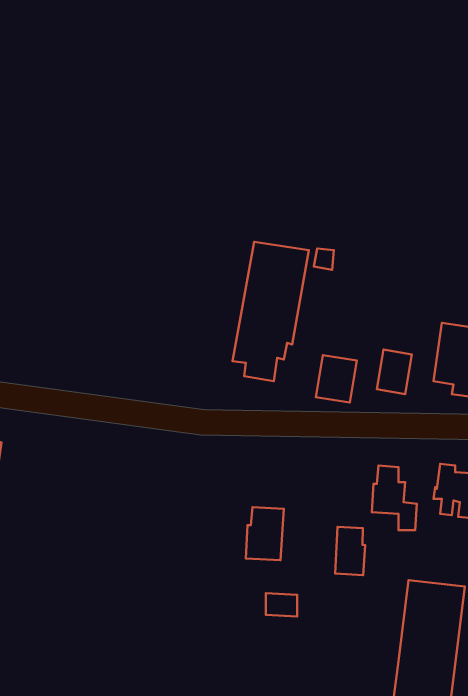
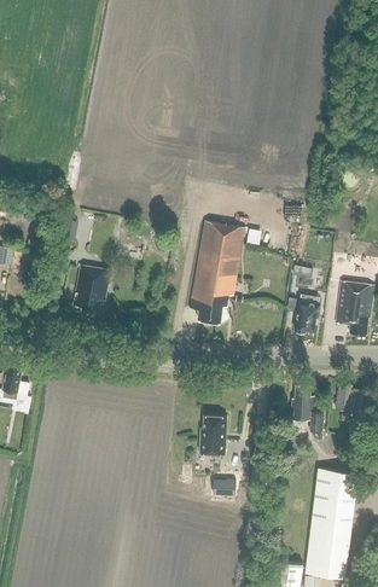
building: none -> [74,265,110,313]
building: [316,355,357,402] -> none
building: [335,527,365,575] -> none

